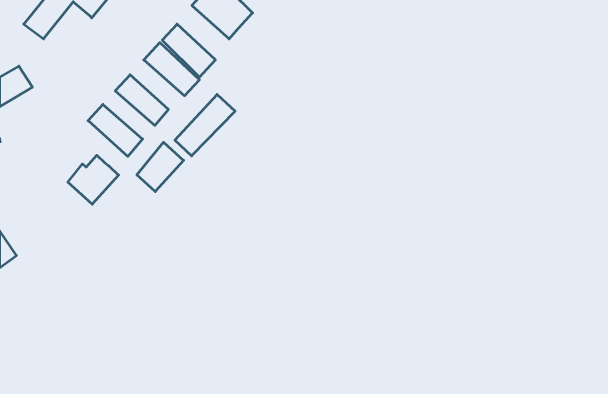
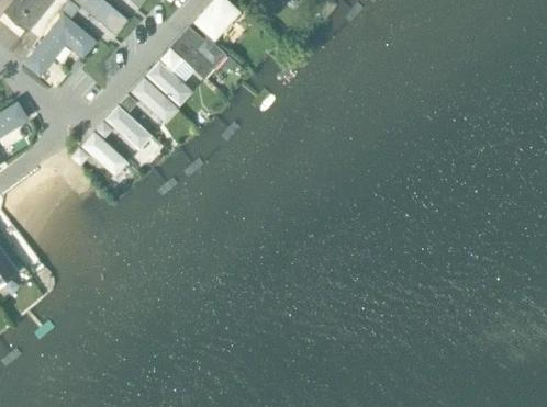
building: [175,94,235,156] -> none
building: [137,142,184,192] -> none
building: [68,155,119,204] -> none

